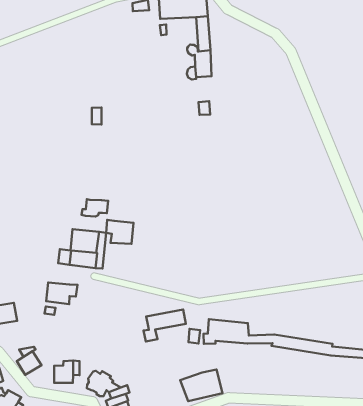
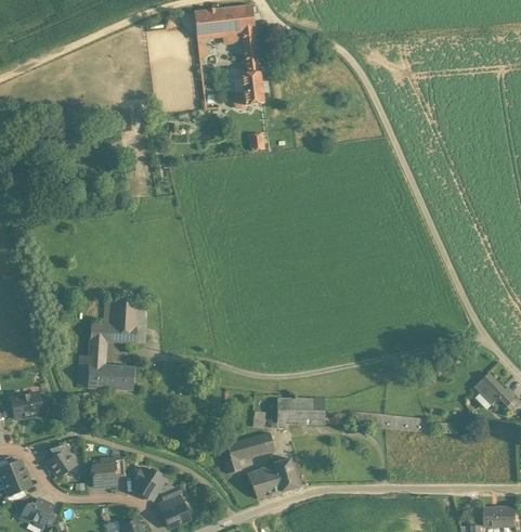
building: [81,199,108,217] -> none
building: [106,220,134,244] -> none
building: none -> [79,340,107,365]
building: none -> [106,365,134,390]
building: [144,309,186,341] -> [223,432,274,473]

